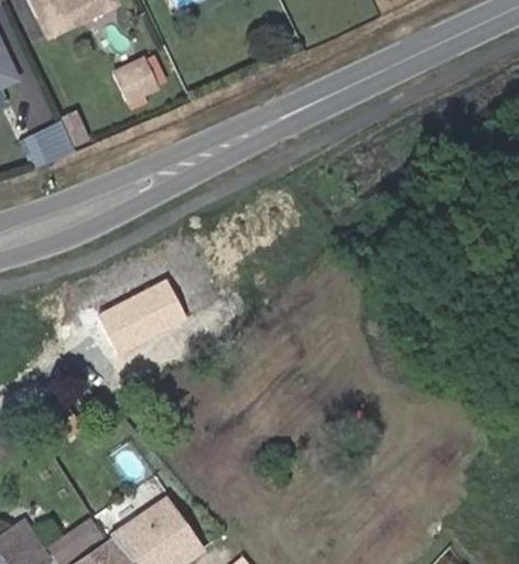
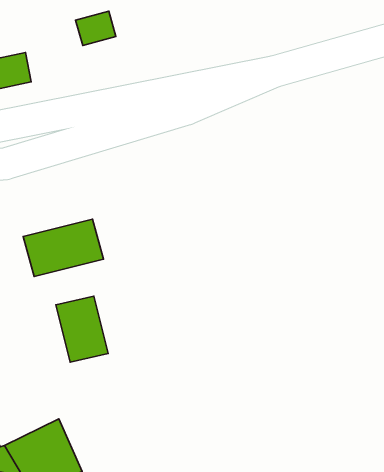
building: none -> [56,296,108,362]

